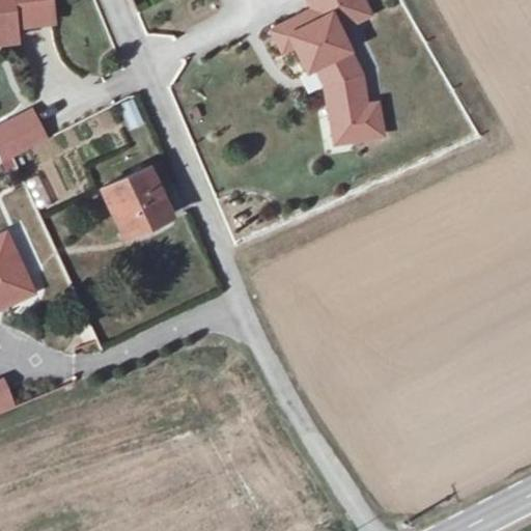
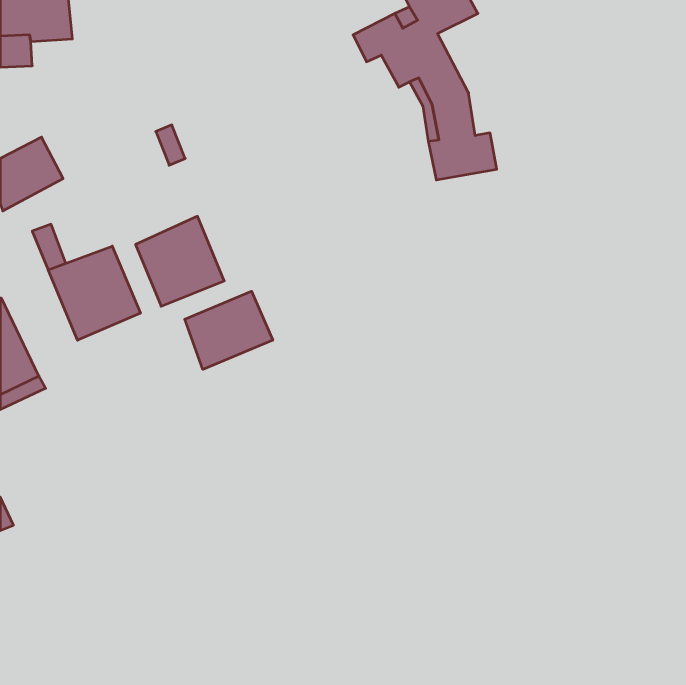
building: none -> [48,246,140,340]
building: none -> [185,291,273,369]

